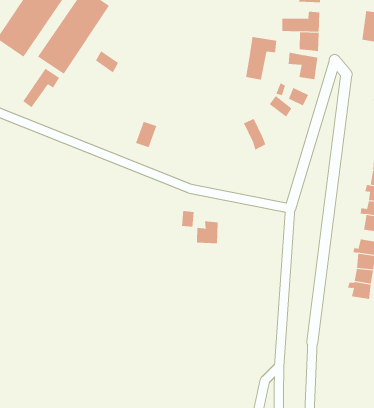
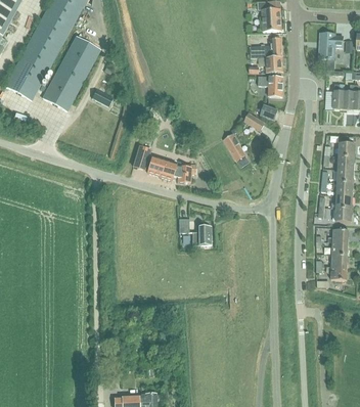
building: [245,36,277,80] -> none
building: [22,68,60,108] -> none
building: none -> [145,152,196,181]

